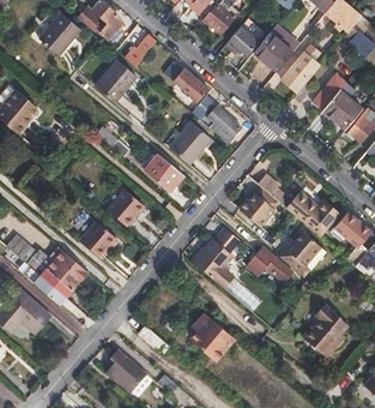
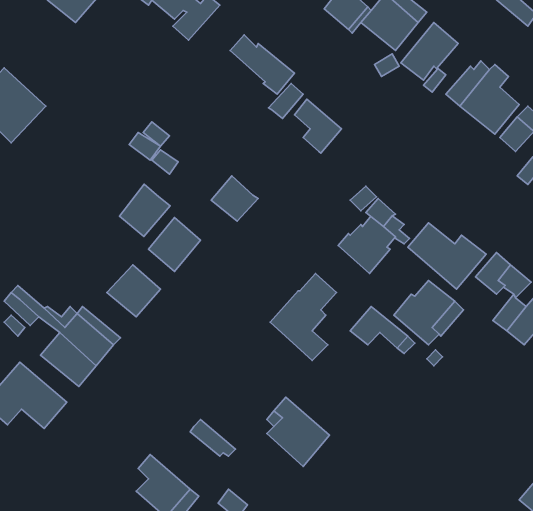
building: [95,58,137,102] -> none
building: [168,121,210,164] -> none
building: none -> [120,184,170,236]
building: [300,302,347,355] -> none

